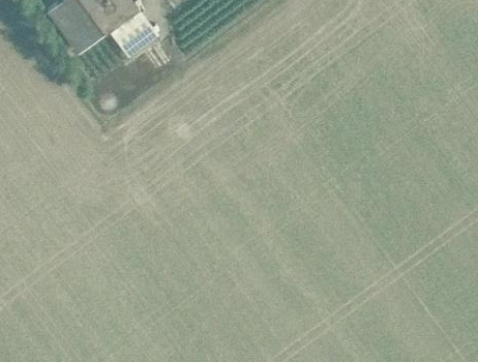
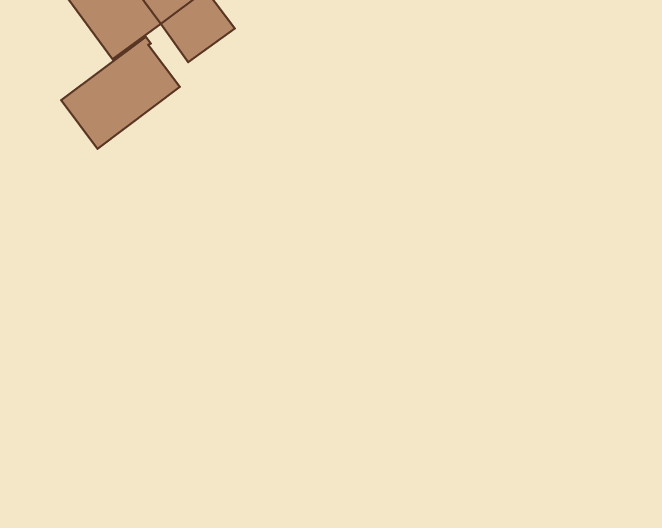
building: none -> [61,37,180,149]

